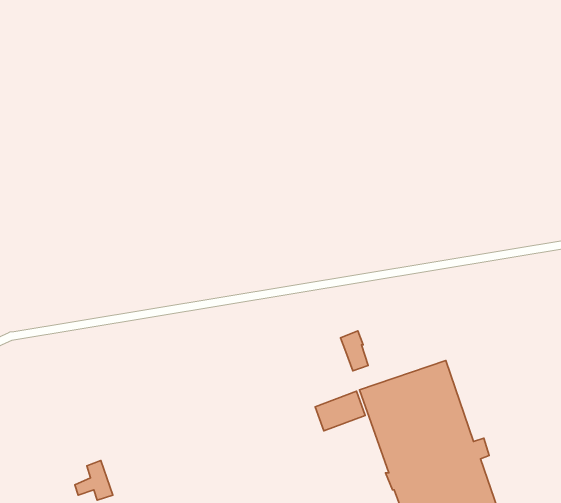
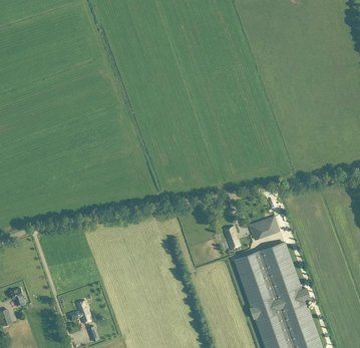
building: [315,391,365,431] -> [250,217,279,240]

